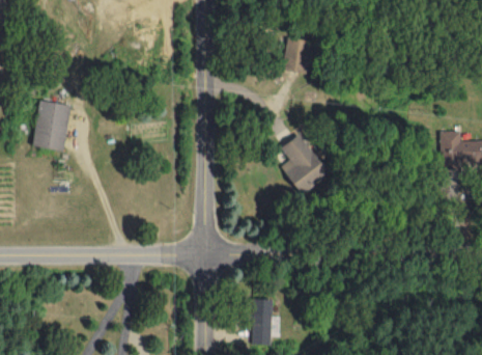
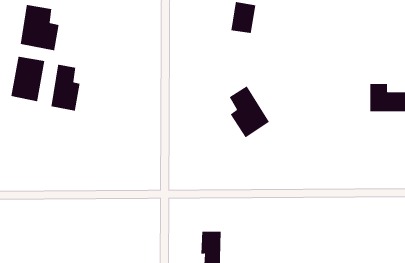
building: none -> [20,4,59,51]
building: none -> [51,64,80,111]

